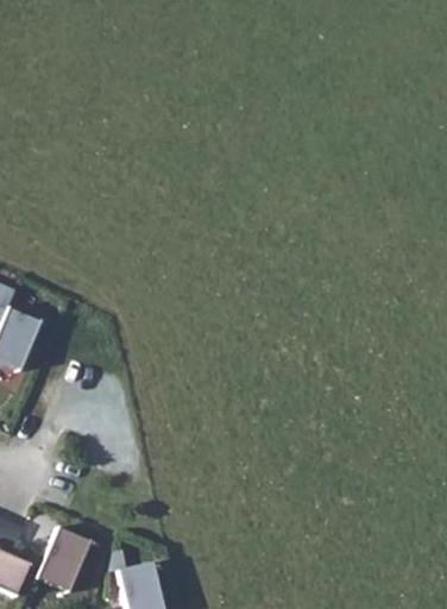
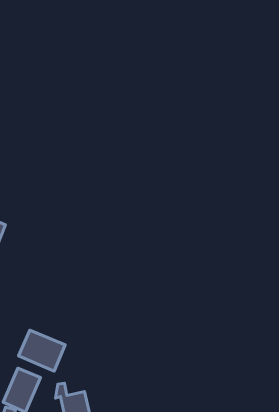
building: none -> [18,330,65,371]

